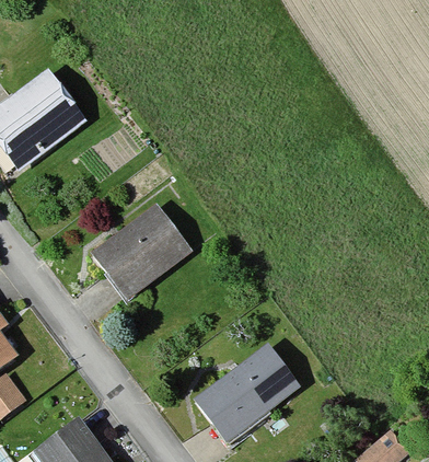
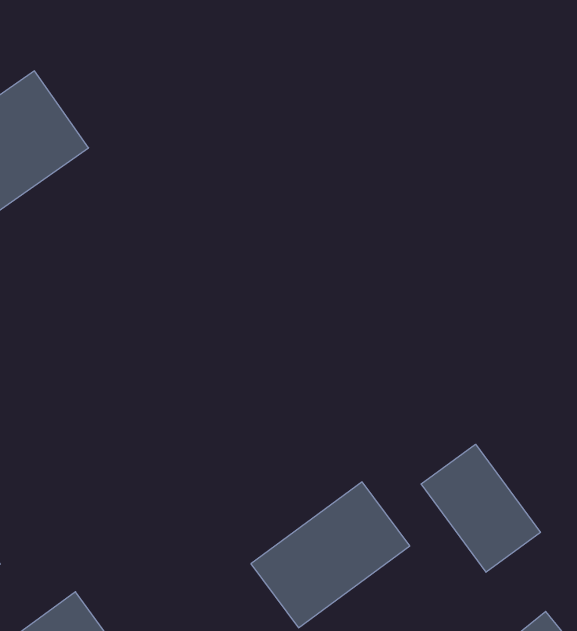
building: [90,203,194,301] -> none
building: none -> [421,444,540,572]

